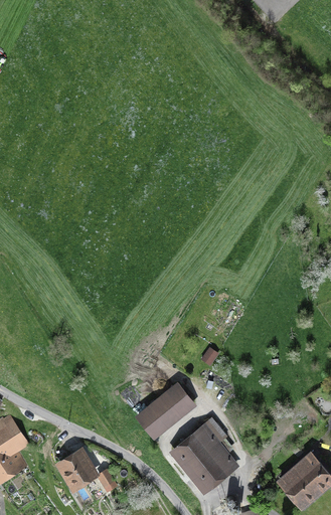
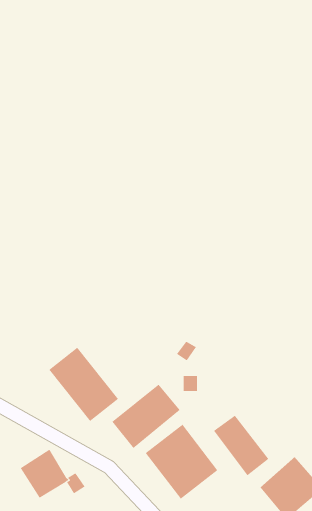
building: none -> [48,347,119,422]
building: none -> [213,415,269,476]

